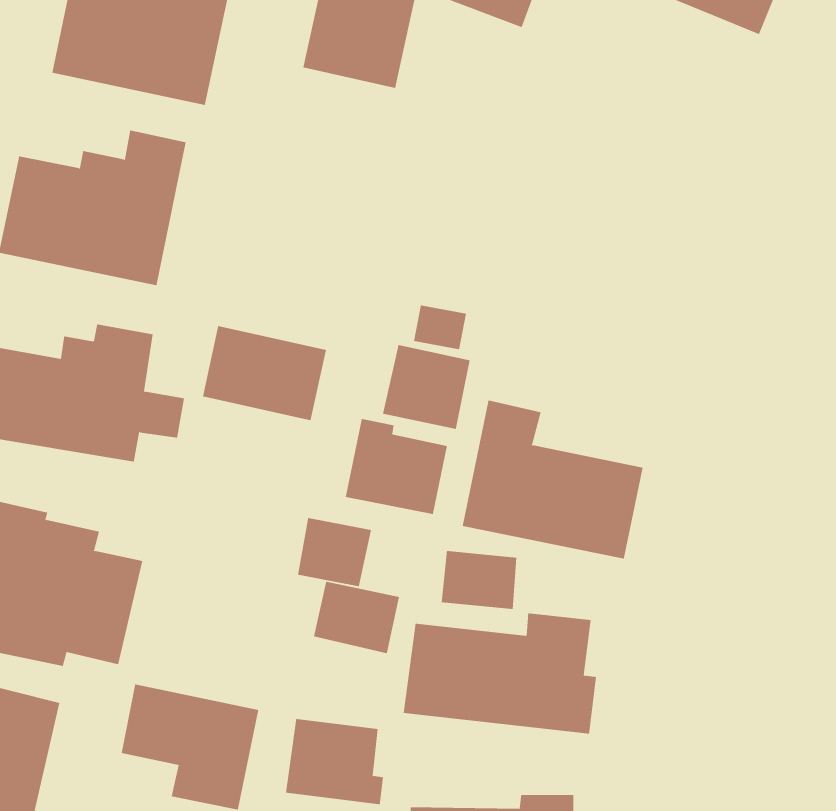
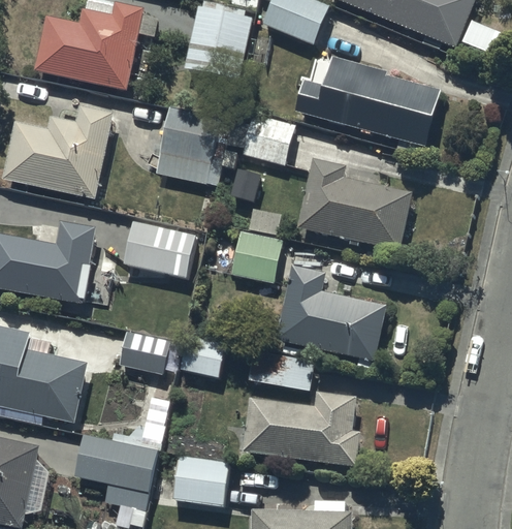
building: none -> [294,56,440,146]
building: none -> [155,107,293,186]
building: none -> [296,157,412,251]
building: [345,418,448,515] -> none
building: [313,581,400,654] -> [118,332,169,375]

